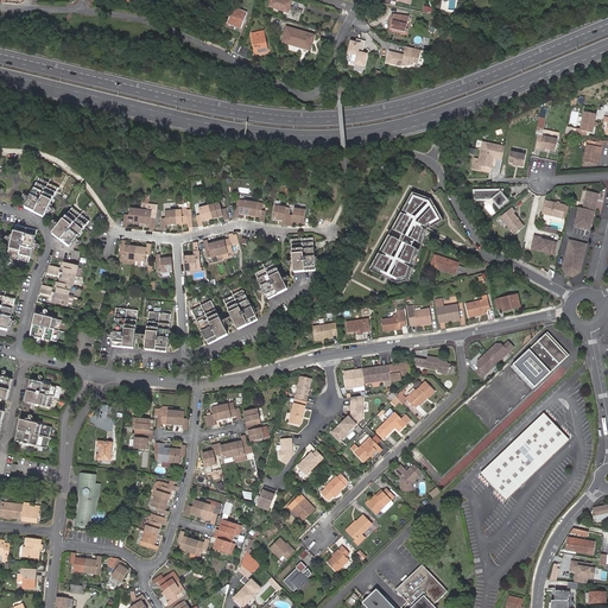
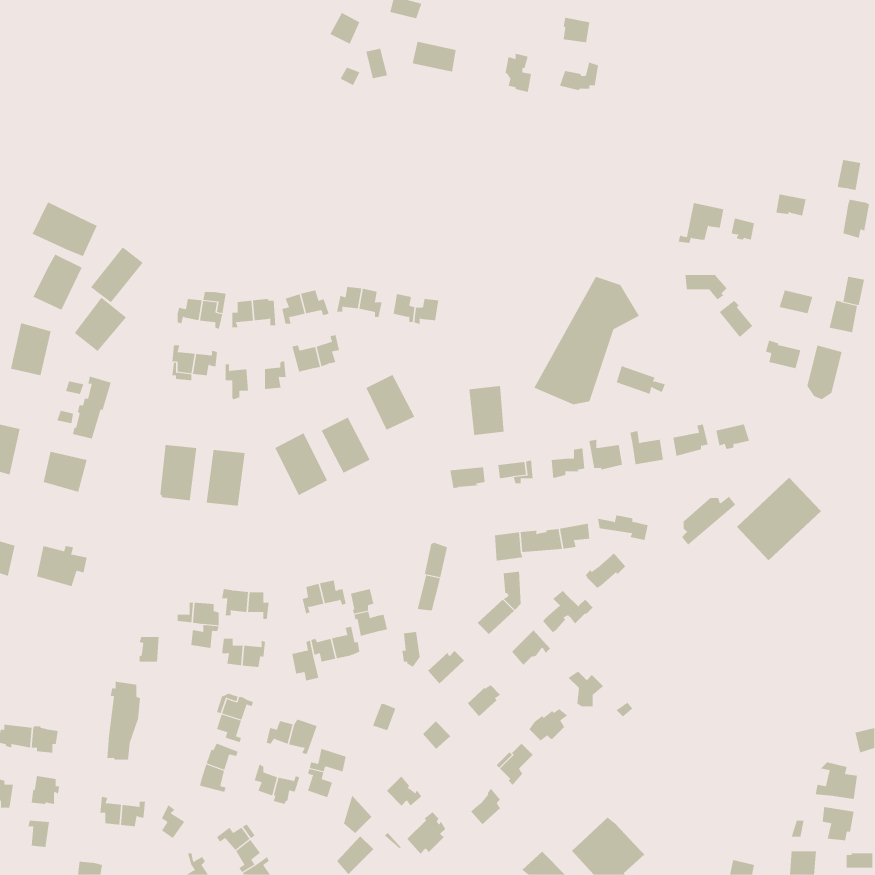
building: none -> [32,202,98,257]
building: none -> [90,247,144,303]
building: [290,236,315,271] -> [468,386,504,435]
building: [480,411,568,498] -> none
building: [14,418,51,446] -> none

